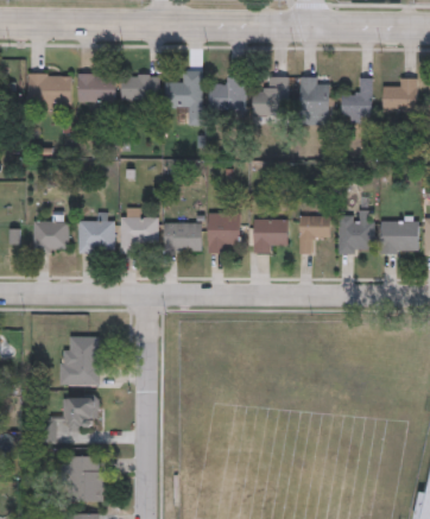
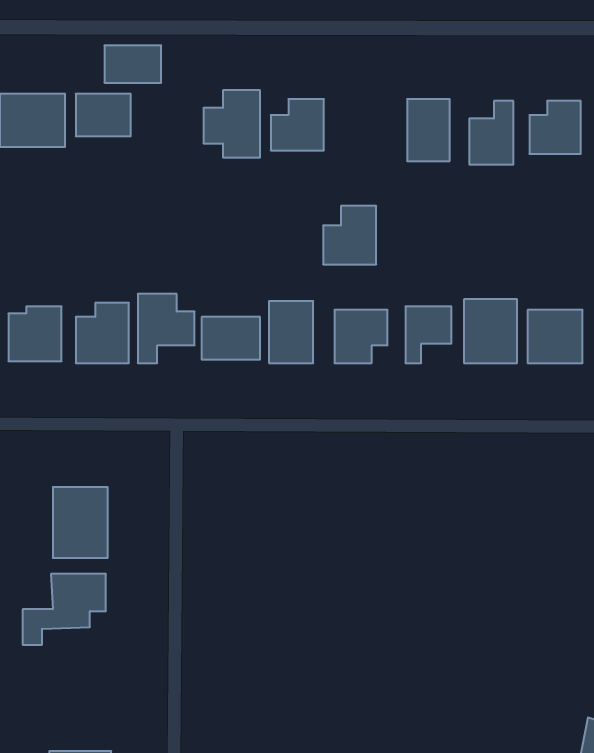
building: [120,75,158,100] -> [104,45,161,83]
building: [251,77,286,116] -> [323,206,376,264]
building: [61,456,101,502] -> none

